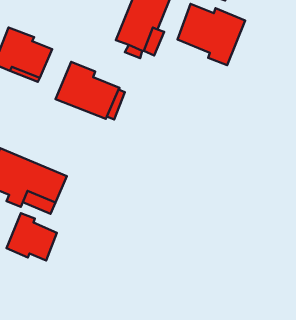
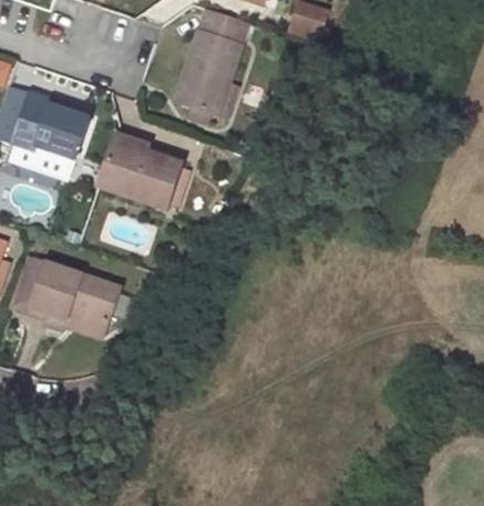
building: [177,4,245,65] -> none
building: [6,213,57,261] -> none

